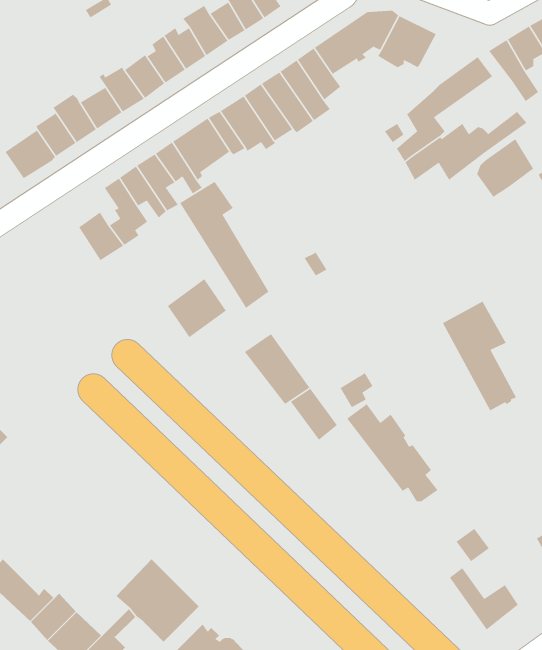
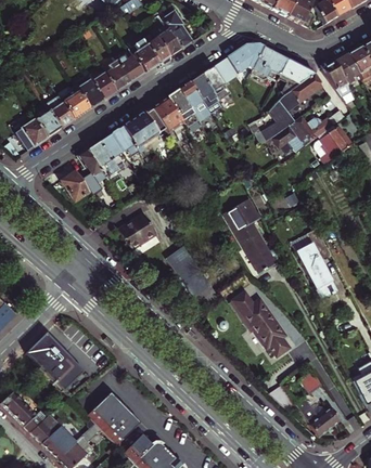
building: none -> [279,58,315,94]
building: [179,181,270,309] -> [225,199,282,281]
building: none -> [27,333,90,395]

